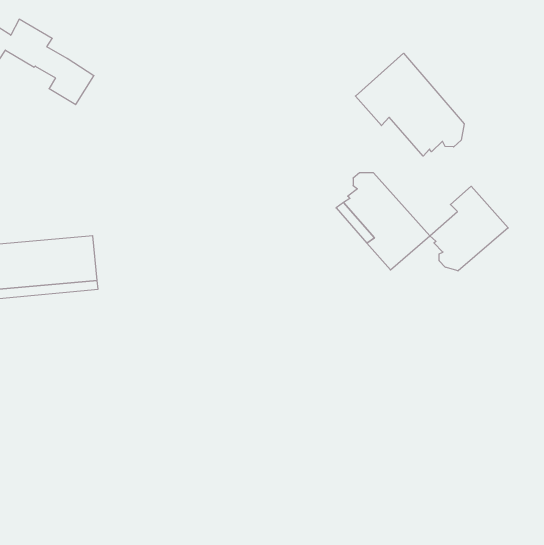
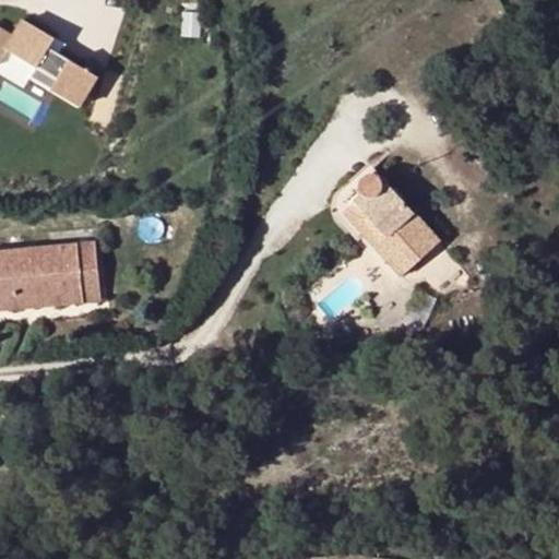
building: [355,53,464,156] -> none
building: [430,186,508,271] -> none

